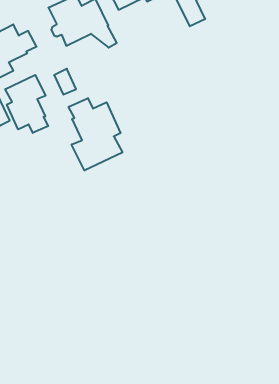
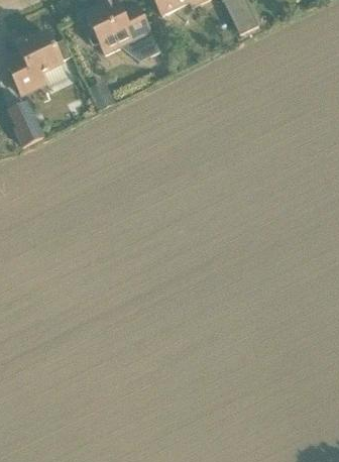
building: [5,75,48,133] -> none
building: [69,98,122,170] -> none

